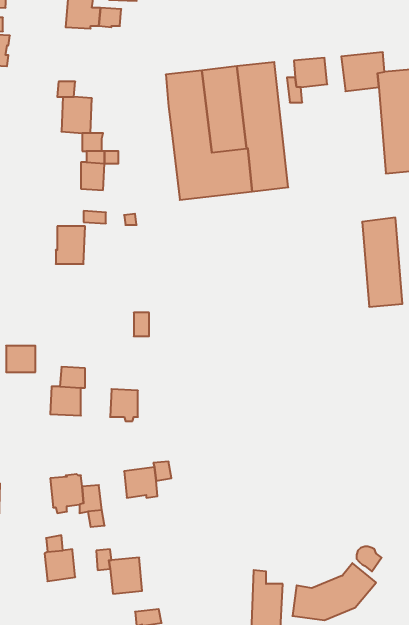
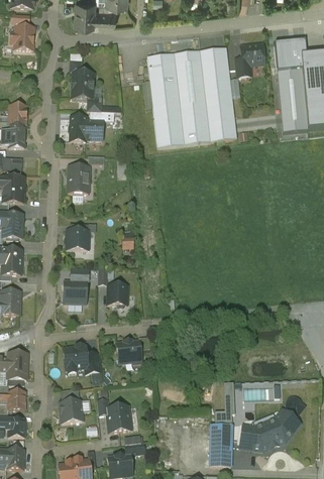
building: none -> [70,116,86,140]
building: [362,218,402,307] -> [278,65,307,129]
building: [6,346,35,372] -> [67,230,88,249]

